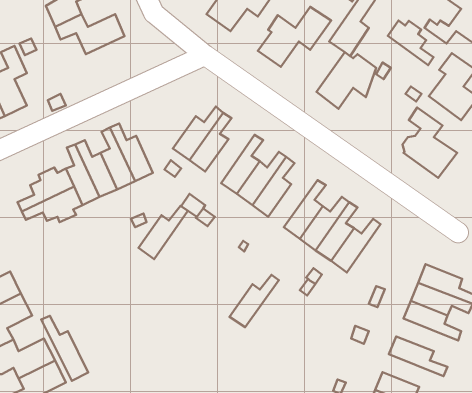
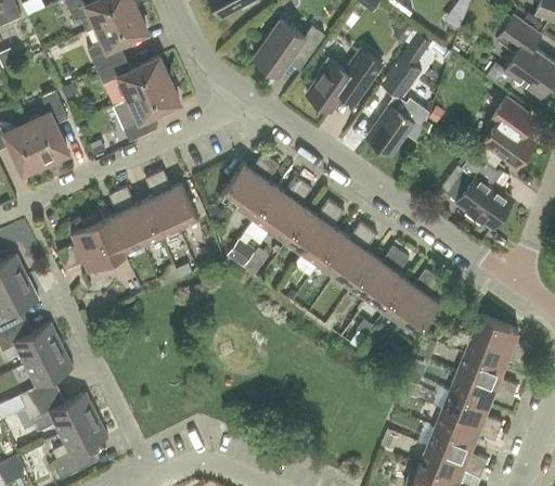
building: [388,20,434,65] -> none
building: none -> [117,80,180,141]
building: [138,206,188,259] -> [253,177,304,232]
building: none -> [399,274,442,336]
building: [229,275,279,327] -> [318,223,369,278]
building: [41,316,88,381] -> none
building: none -> [450,372,514,406]
building: none -> [436,409,499,443]

